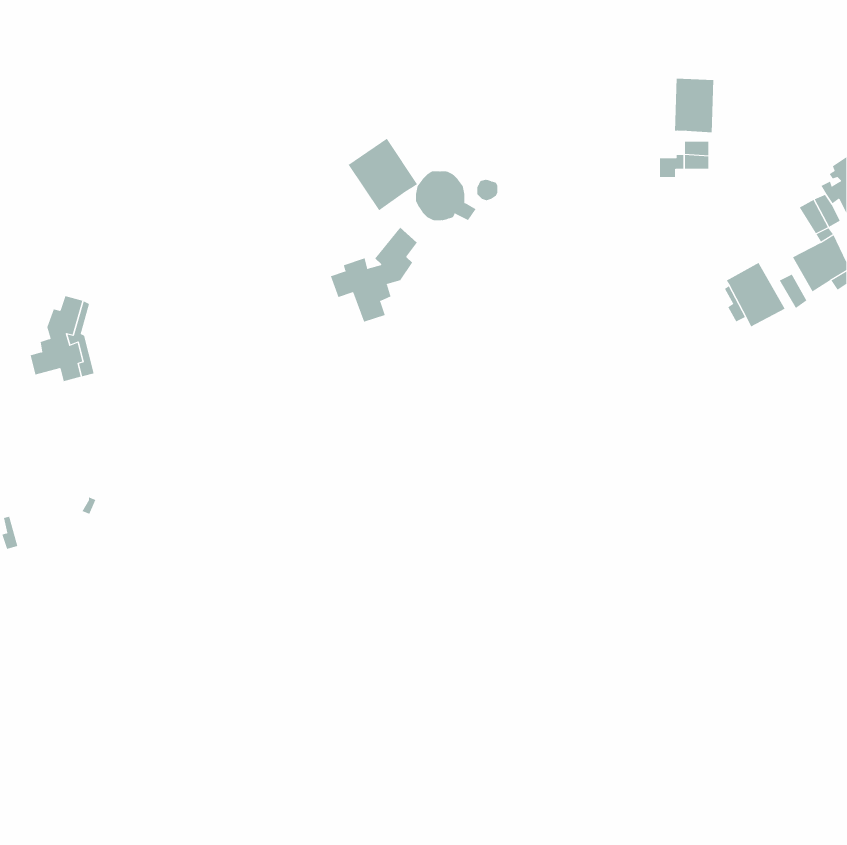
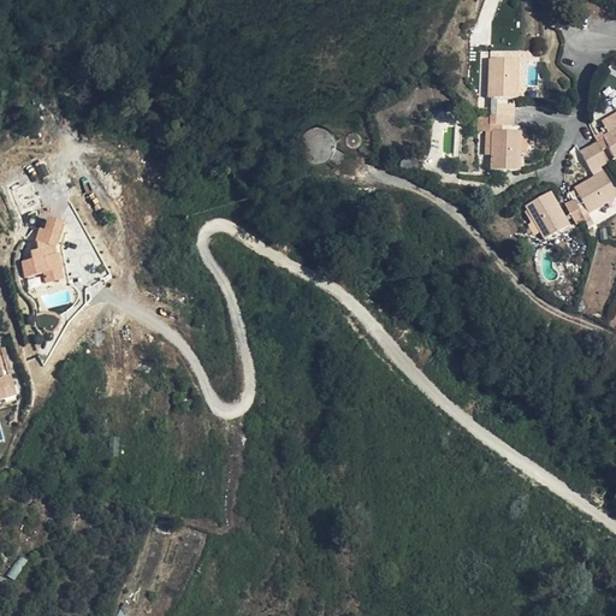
building: [348,138,418,211] -> none
building: none -> [491,129,520,168]
building: [330,227,417,323] -> none

